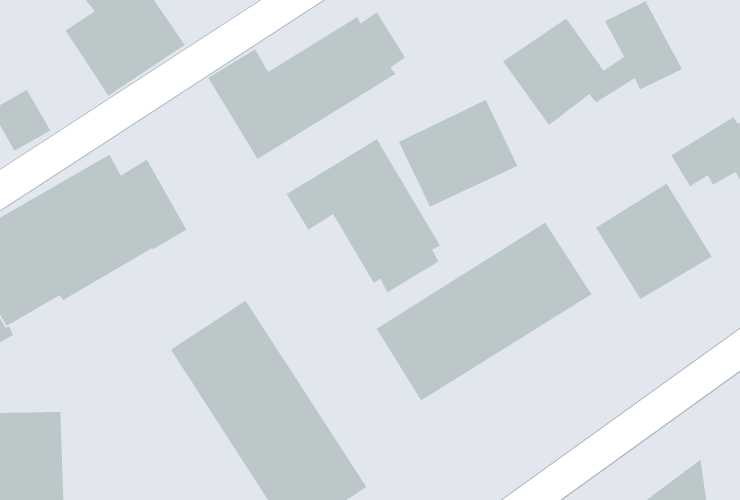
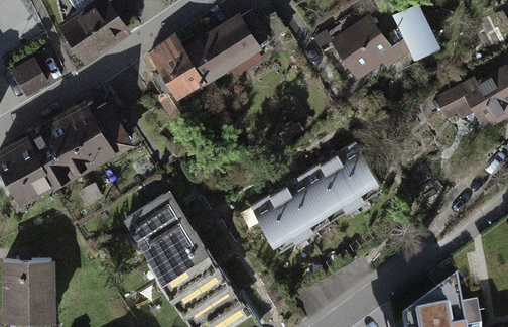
building: [398,99,519,208] -> none
building: [285,138,441,293] -> none
building: [595,183,713,300] -> none

